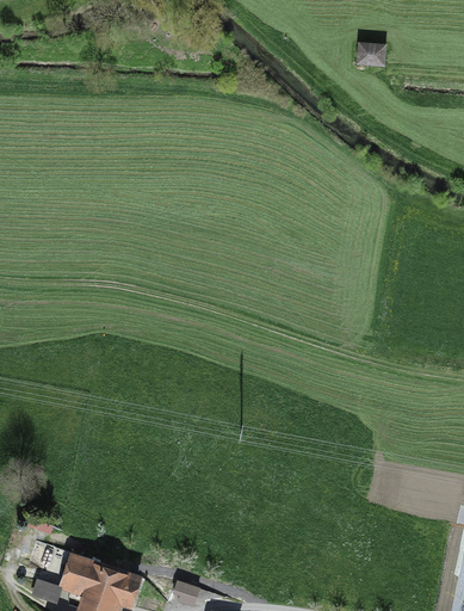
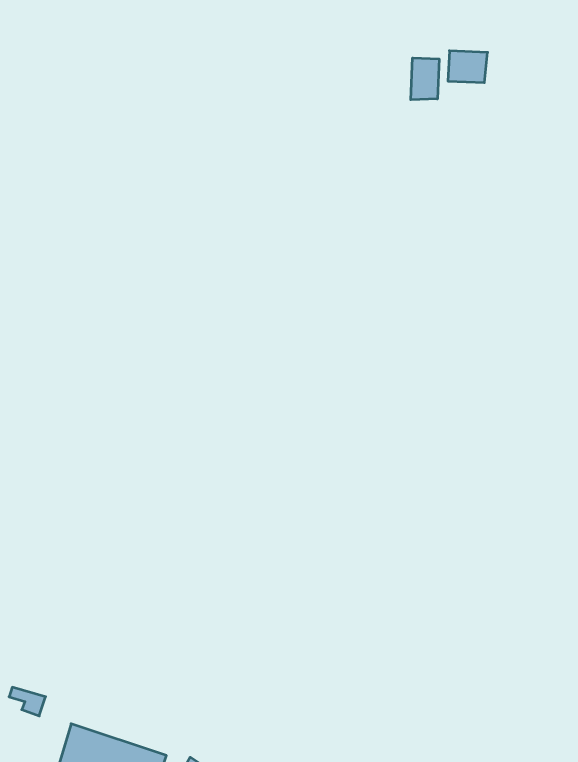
building: none -> [411,58,439,100]

